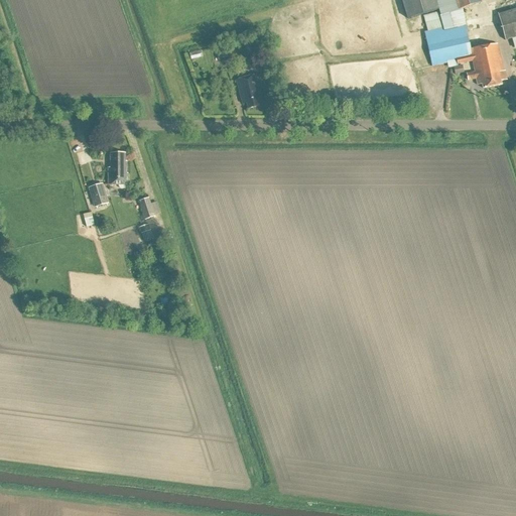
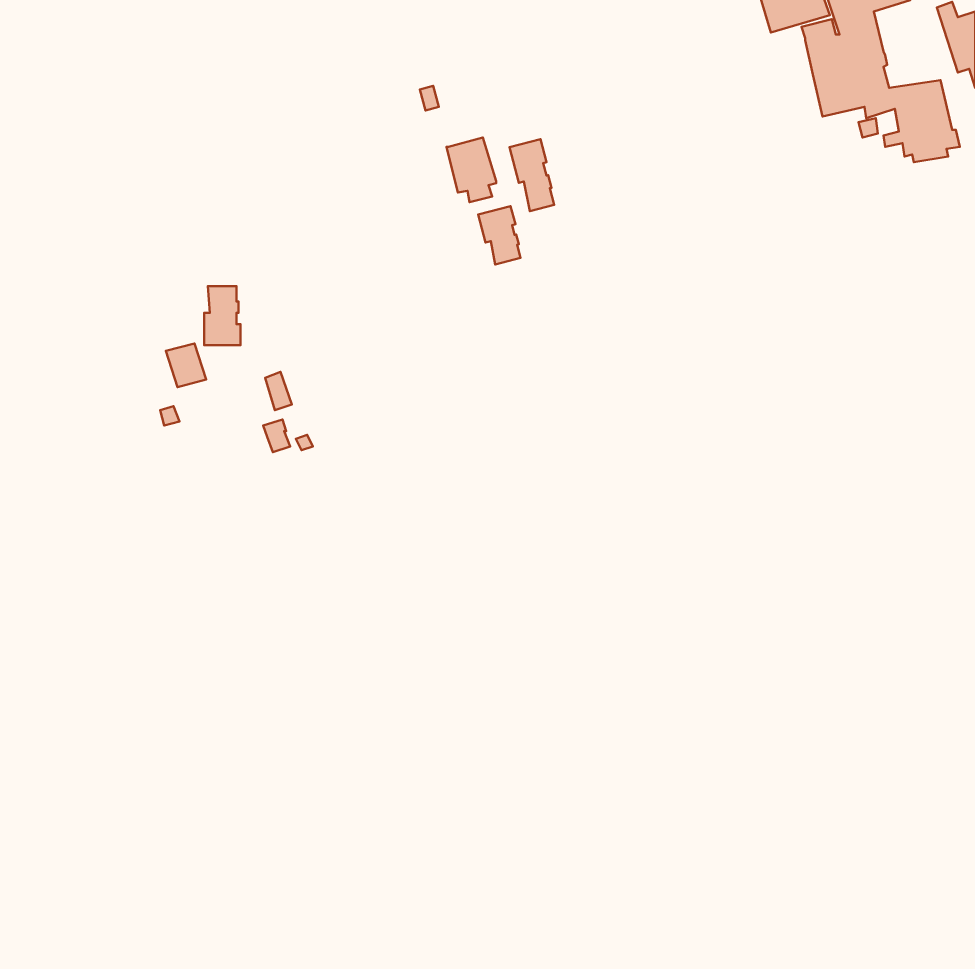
building: none -> [510,139,554,211]
building: none -> [478,206,521,265]

